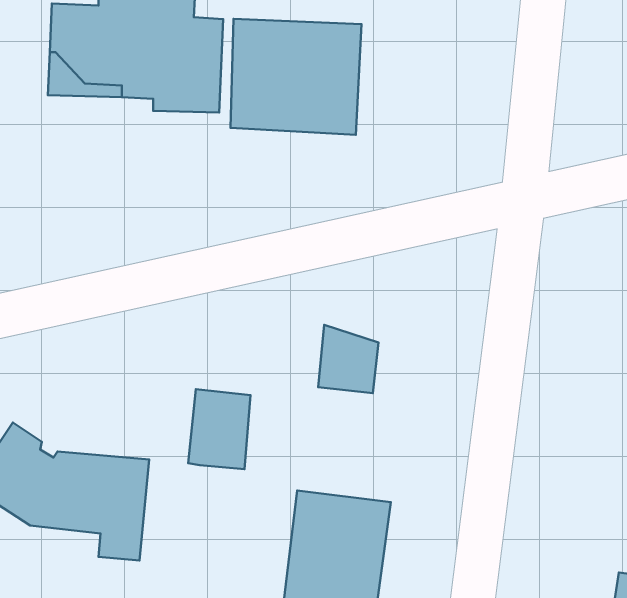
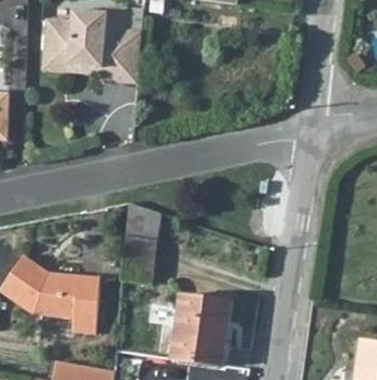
building: [230,19,362,135] -> none
building: [318,325,379,393] -> [123,200,157,239]

